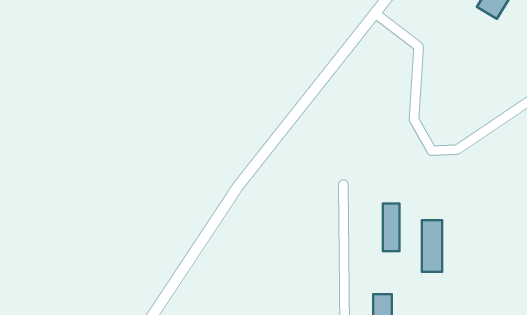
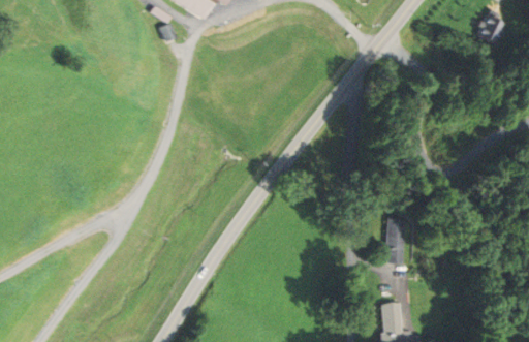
building: [422,220,442,272] -> none

